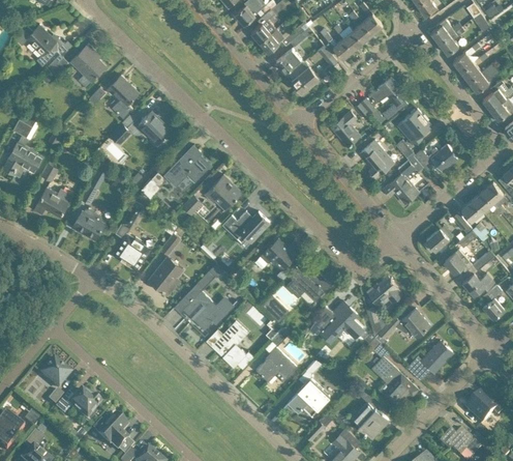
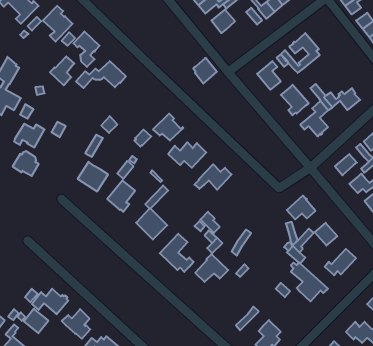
building: [290,62,319,93] -> [193,58,217,84]
building: none -> [50,56,74,85]
building: [397,109,430,145] -> none
building: [164,145,210,186] -> none
building: [72,208,104,238] -> [13,151,39,176]
building: [288,264,330,305] -> none
building: [322,301,362,341] -> none
building: [40,358,70,388] -> [24,309,48,333]
building: [282,378,329,415] -> none
building: [352,402,389,438] -> none

